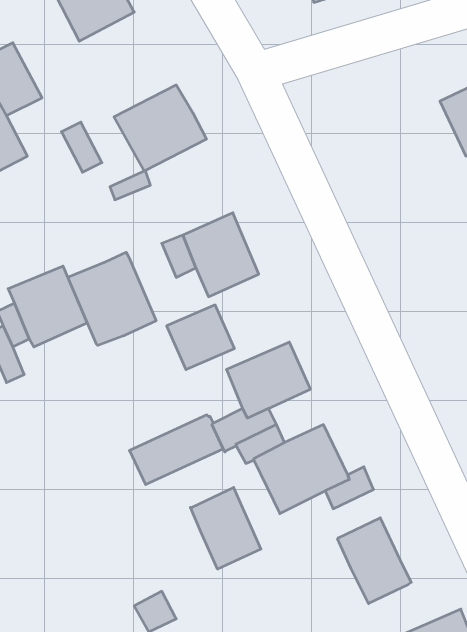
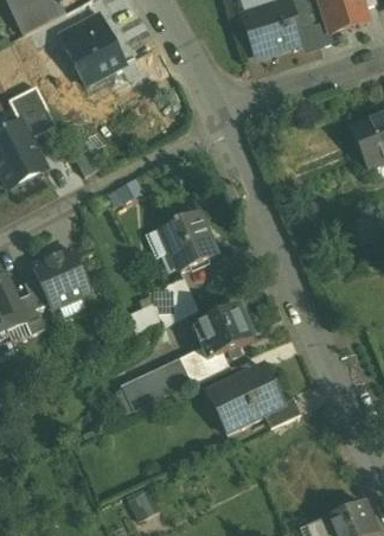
building: [114,85,206,171] -> none
building: [68,252,156,345] -> none
building: [190,487,261,569] -> none
building: [338,518,411,604] -> none

